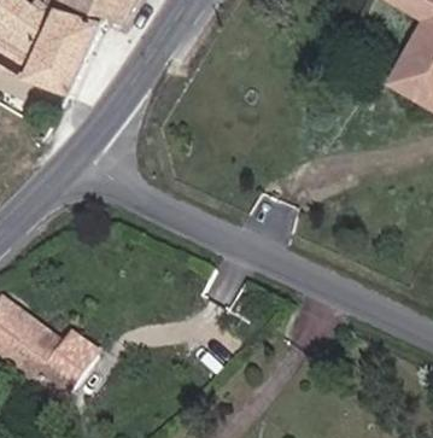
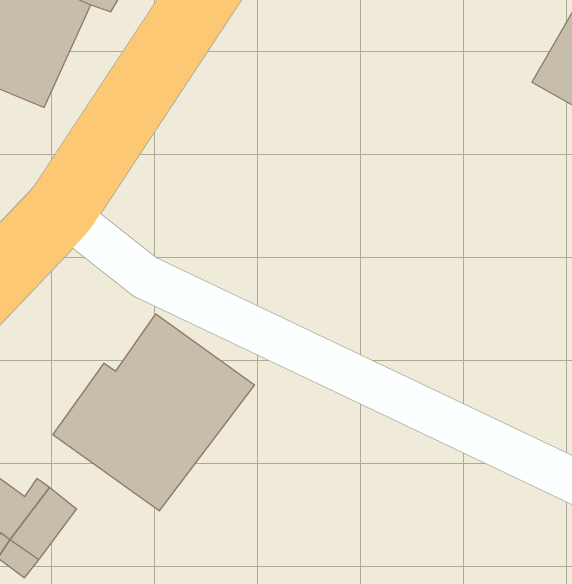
building: none -> [53,314,255,511]

